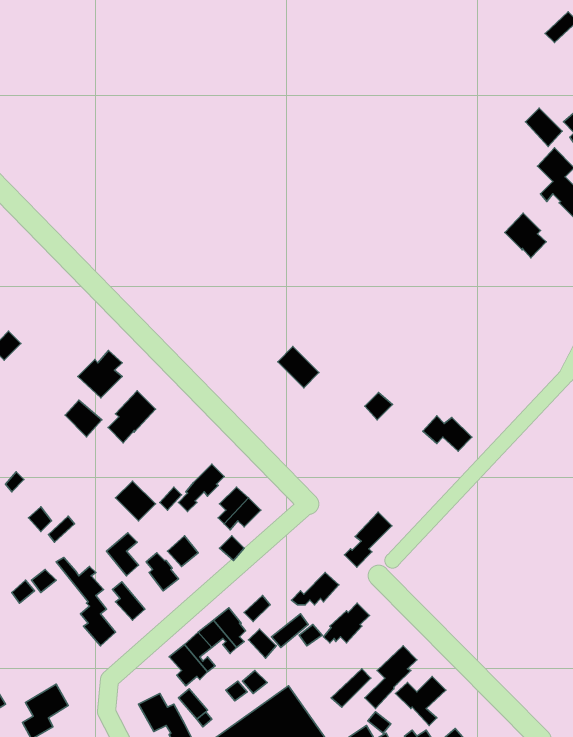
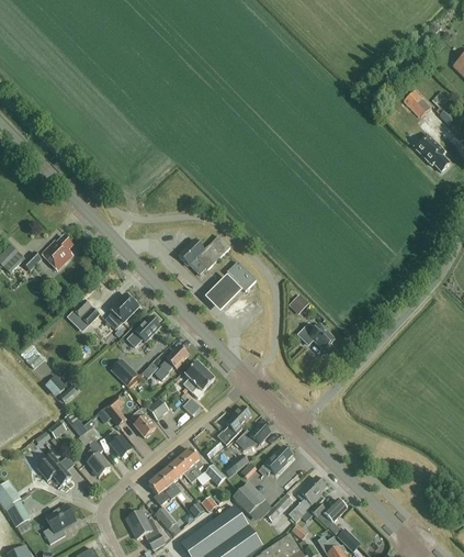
building: [505,213,546,258] -> none
building: none -> [179,236,229,275]
building: [78,350,122,398] -> [41,236,72,270]
building: none -> [205,277,240,313]
building: [423,416,472,451] -> [298,324,333,349]
building: none -> [127,316,160,347]
building: [344,512,392,567] -> [217,405,251,445]
building: none -> [36,454,71,486]
building: none -> [233,482,264,514]

